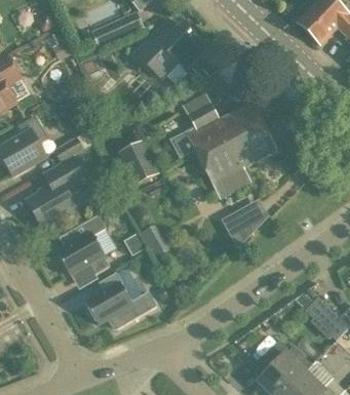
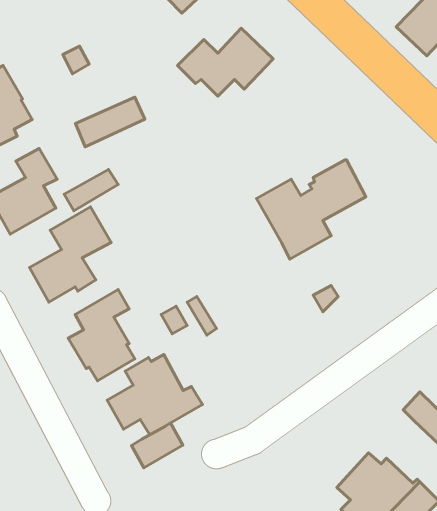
building: [90,9,142,46] -> [75,97,145,147]
building: [169,89,261,159] -> none
building: [116,137,158,183] -> none
building: none -> [131,423,183,468]

